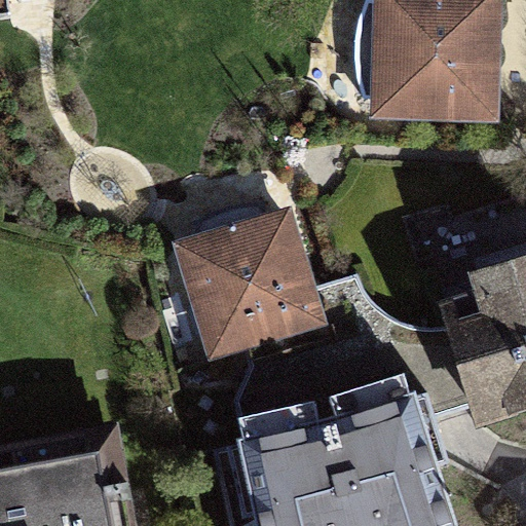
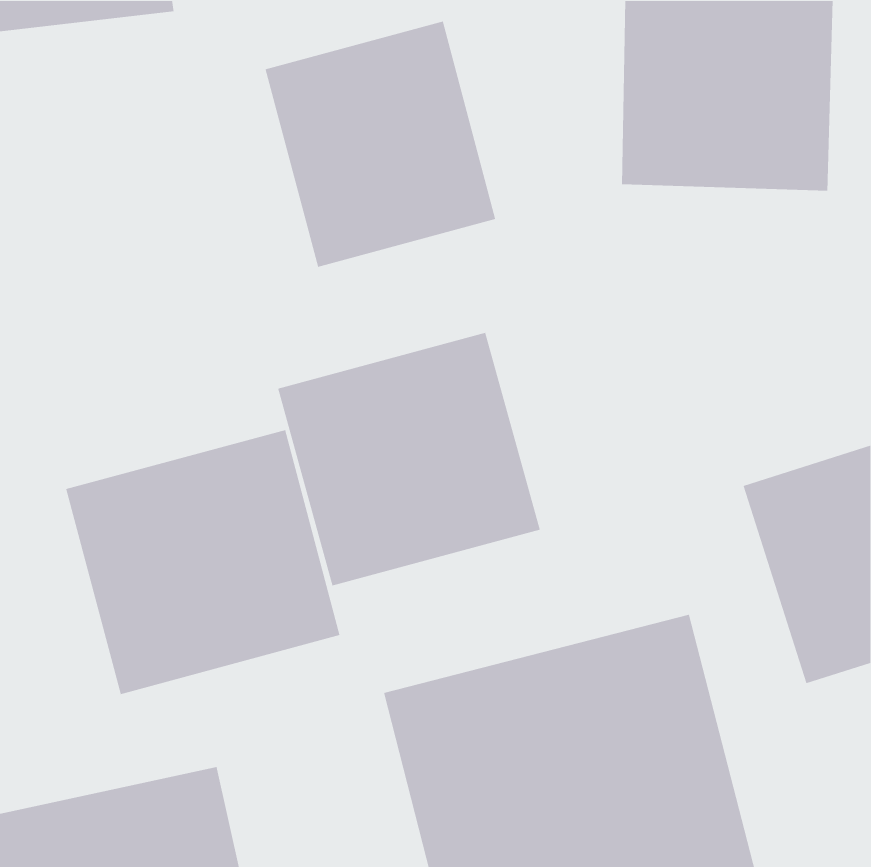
building: none -> [264,20,496,268]
building: none -> [65,429,341,695]

